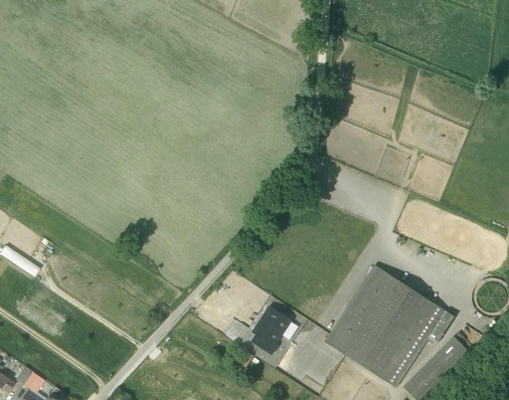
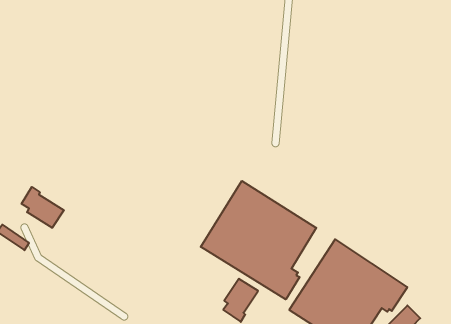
building: none -> [201,181,316,299]
building: none -> [22,187,64,228]

